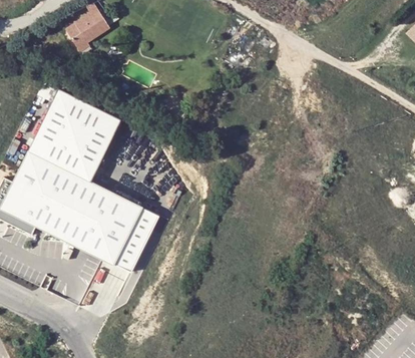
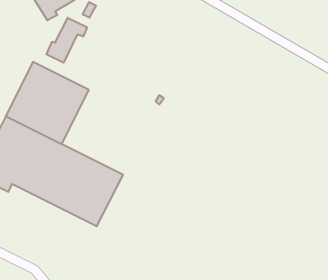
building: none -> [46,18,87,63]

